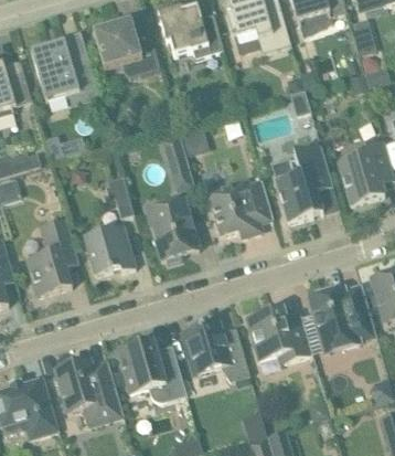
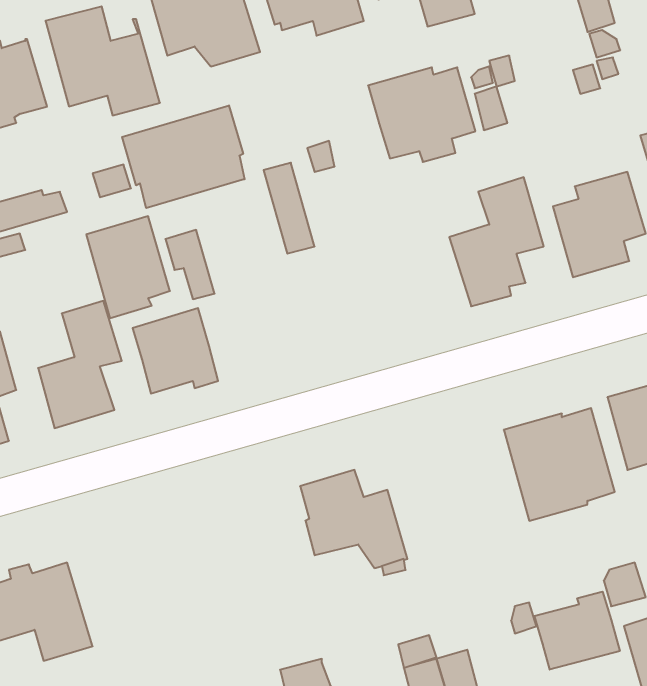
building: none -> [122,105,245,208]
building: [207,179,273,236] -> [368,67,475,162]
building: [146,198,196,259] -> [86,216,170,318]
building: [245,306,311,362] -> none
building: [117,340,185,401] -> none
building: [54,360,122,424] -> none
building: none -> [534,592,620,670]

